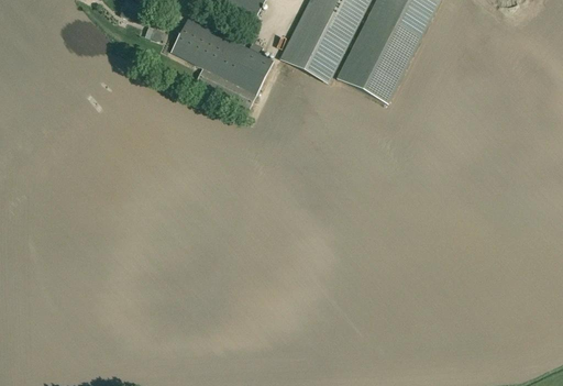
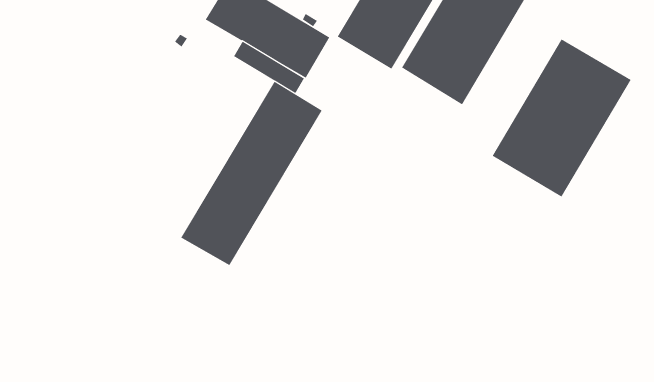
building: none -> [492,38,631,197]
building: none -> [181,81,322,266]

